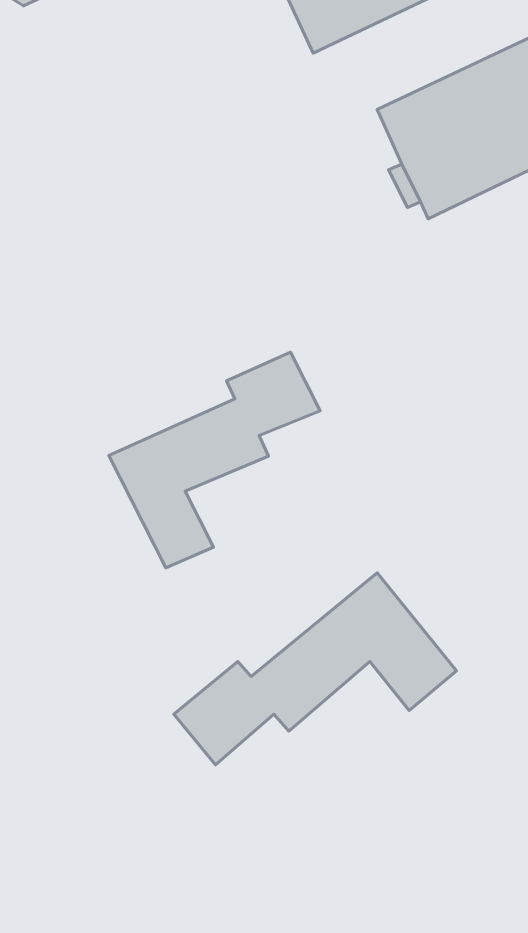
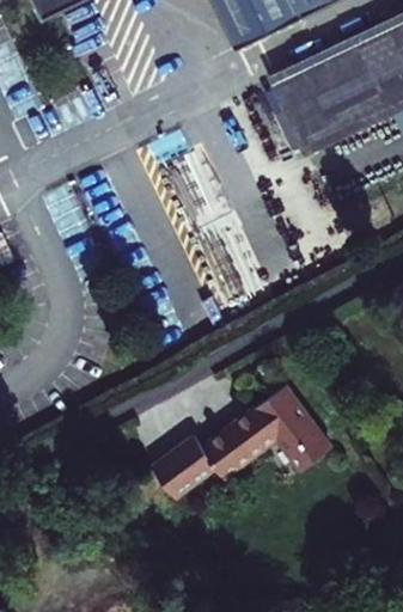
building: [109,352,320,568] -> none

